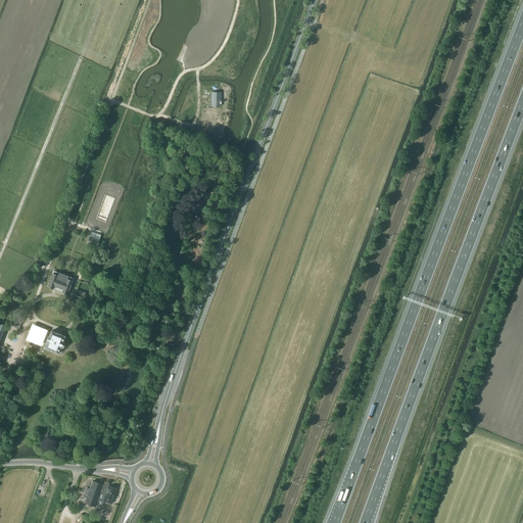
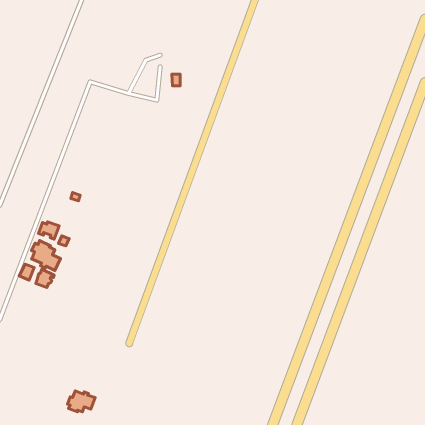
building: none -> [31,241,60,270]

